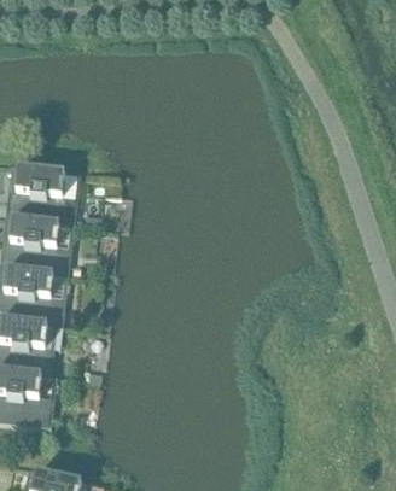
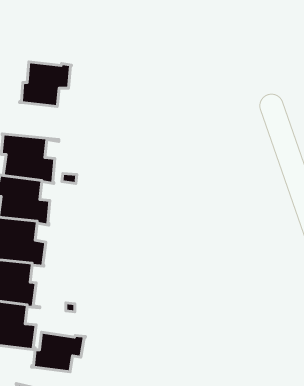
building: none -> [20,62,71,107]
building: none -> [31,332,85,372]

